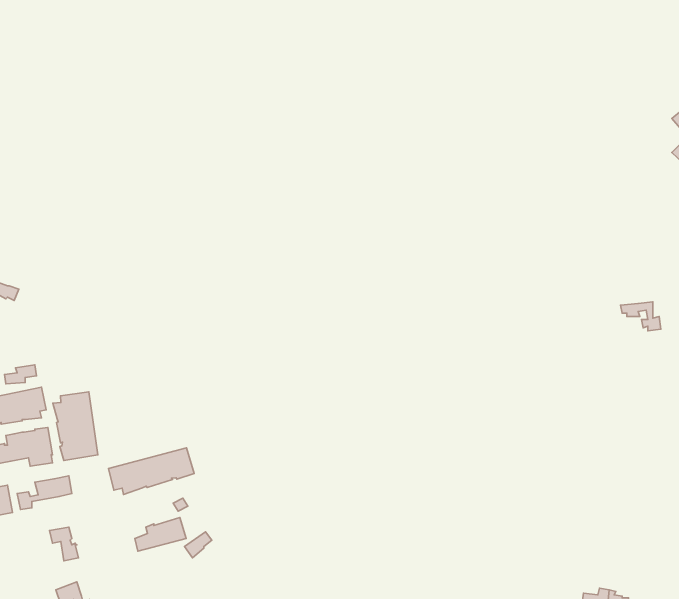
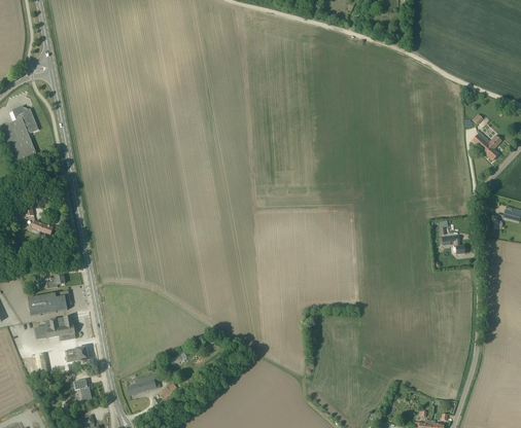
building: [53,392,98,460] -> none
building: [109,448,194,494] -> none

